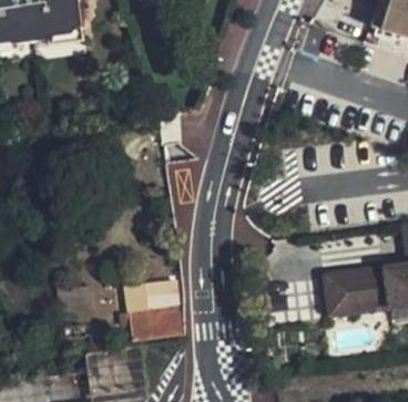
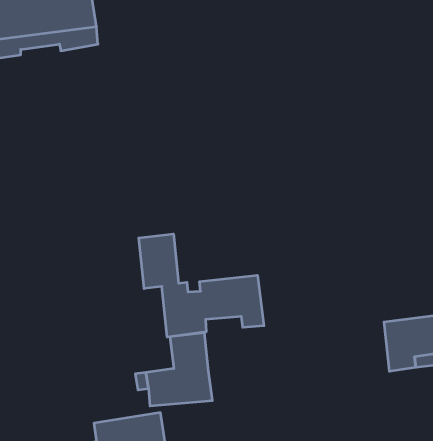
building: none -> [139,234,264,337]

